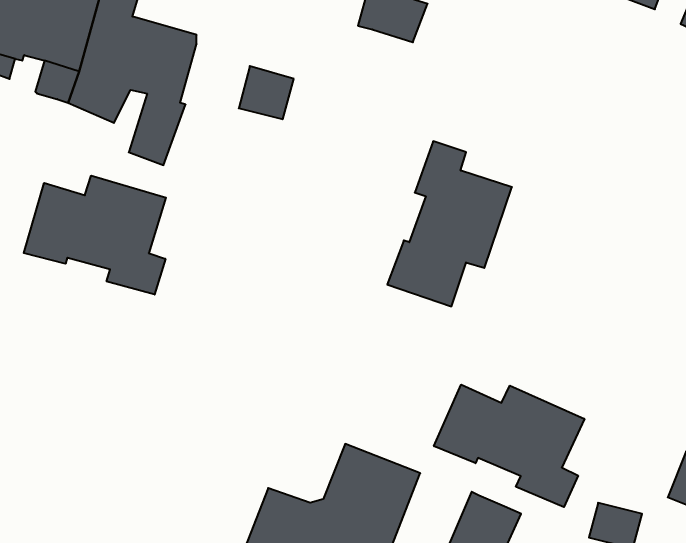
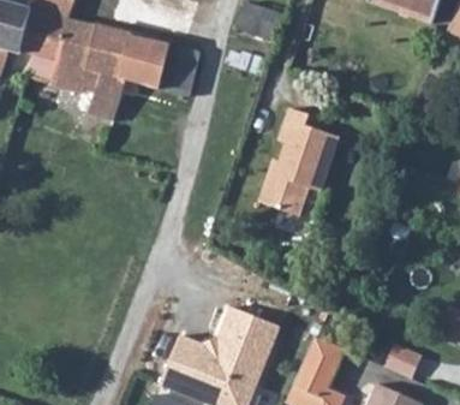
building: none -> [121,36,169,90]
building: [24,176,166,295] -> none
building: [434,385,584,507] -> none

